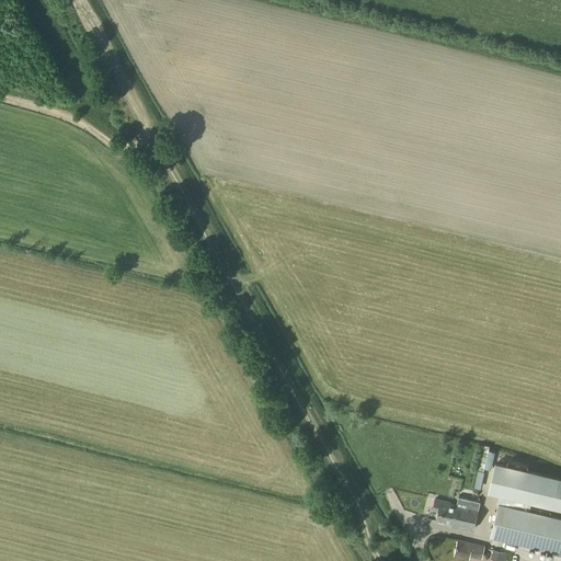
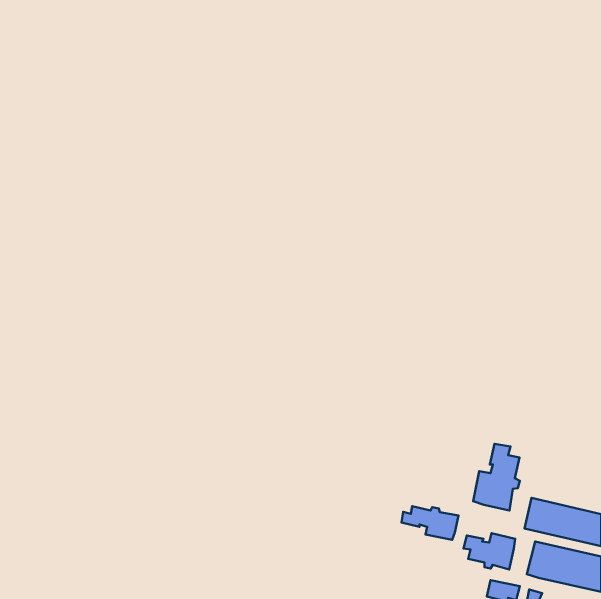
building: none -> [473,444,520,510]
building: none -> [401,506,458,540]

